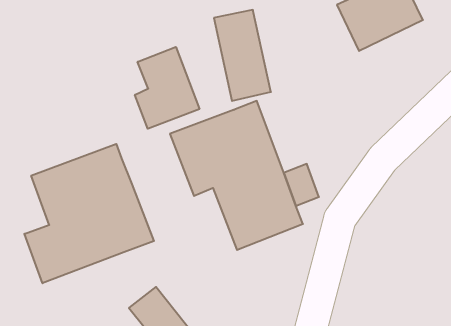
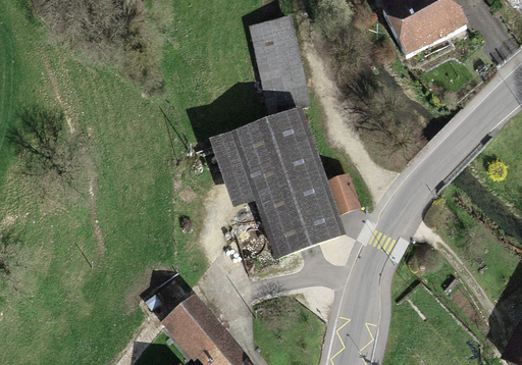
building: [135,47,199,129] -> none
building: [24,144,154,283] -> none

